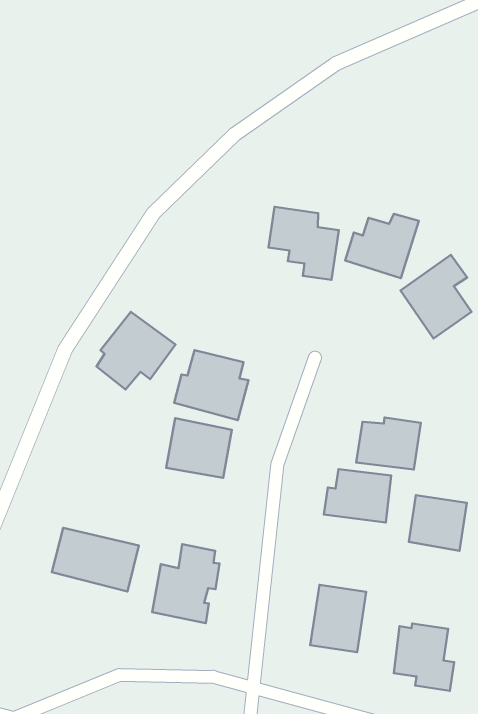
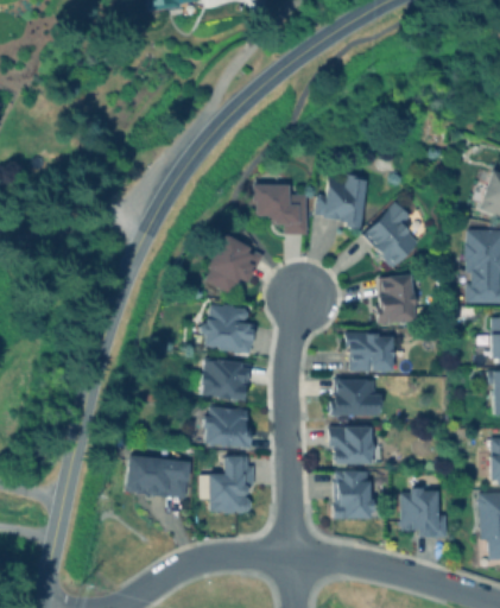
building: [97,312,175,389] -> [205,234,264,294]
building: none -> [378,274,416,323]
building: none -> [204,406,249,446]
building: [409,495,467,551] -> [331,426,372,464]

